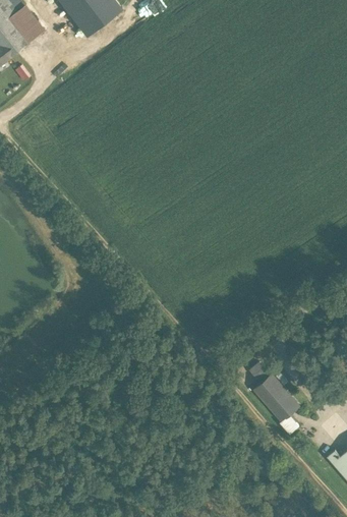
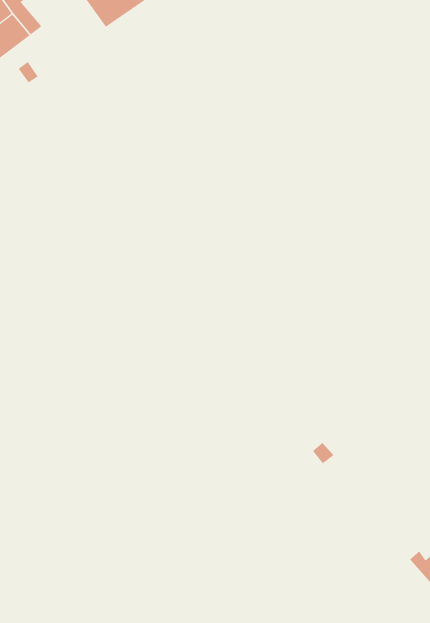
building: [261,383,298,421] -> none

